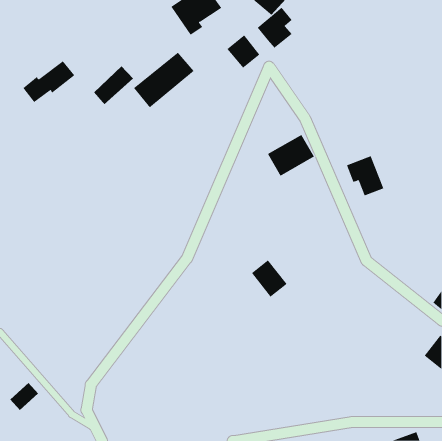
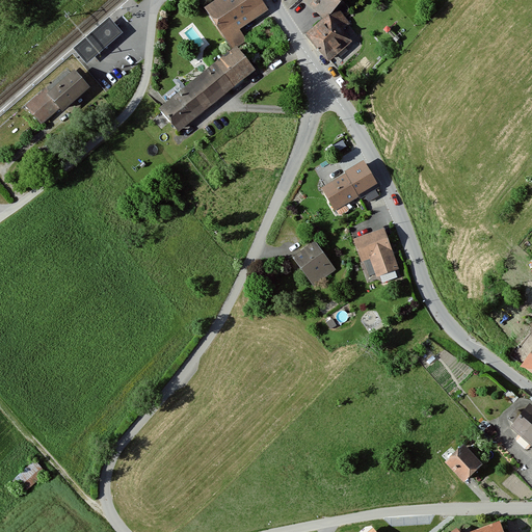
building: [226,35,260,68] -> [214,45,255,85]
building: [93,66,134,105] -> [76,14,125,61]
building: [346,156,384,196] -> [354,229,400,277]
building: [251,259,287,298] -> [293,240,337,286]
building: none -> [442,442,481,481]

